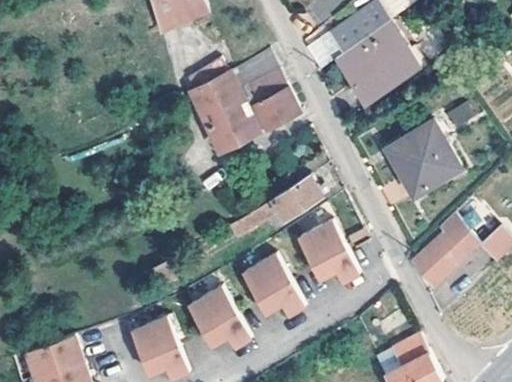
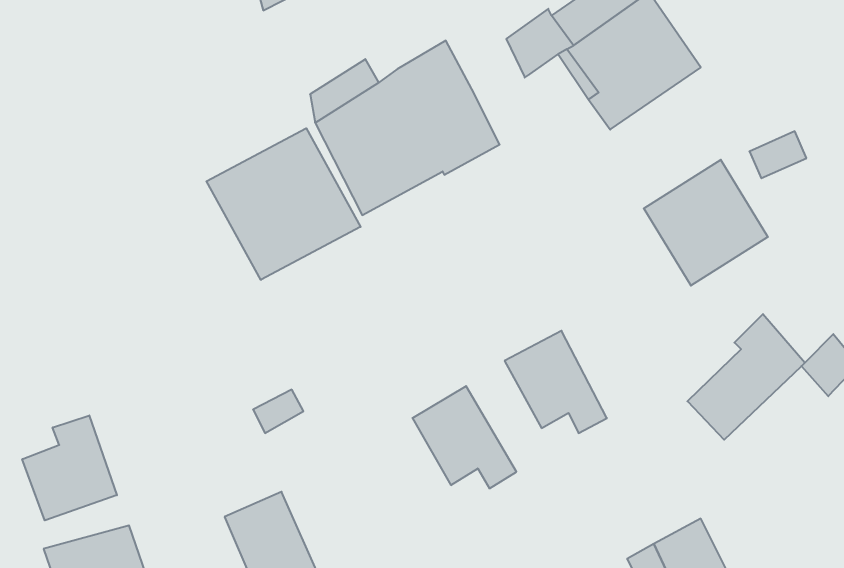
building: none -> [206,128,361,280]
building: [236,175,321,233] -> none
building: none -> [22,415,117,520]
building: [191,289,254,349] -> none

